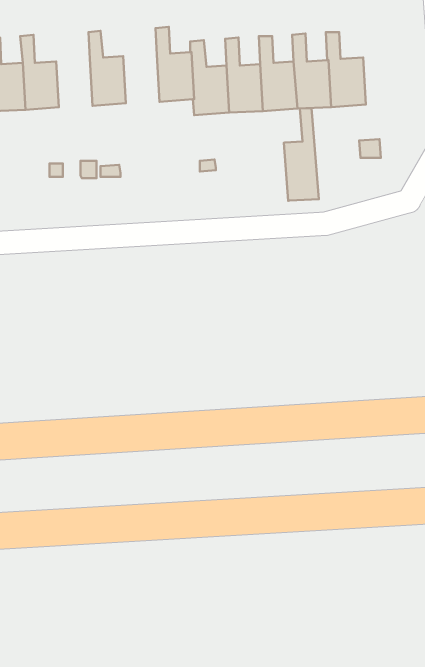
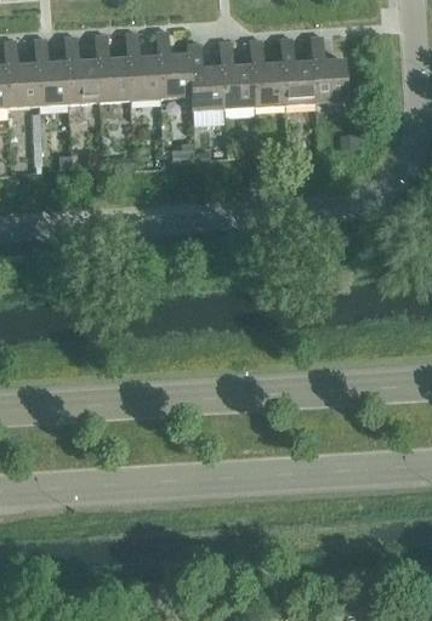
building: none -> [125,32,159,99]
building: none -> [63,35,98,103]
building: [284,108,319,201] -> none

